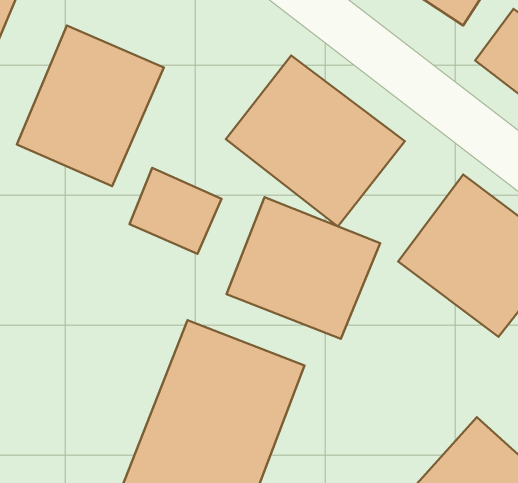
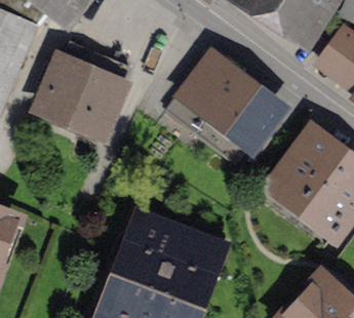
building: [129,168,222,254] -> none
building: [227,197,380,339] -> none

